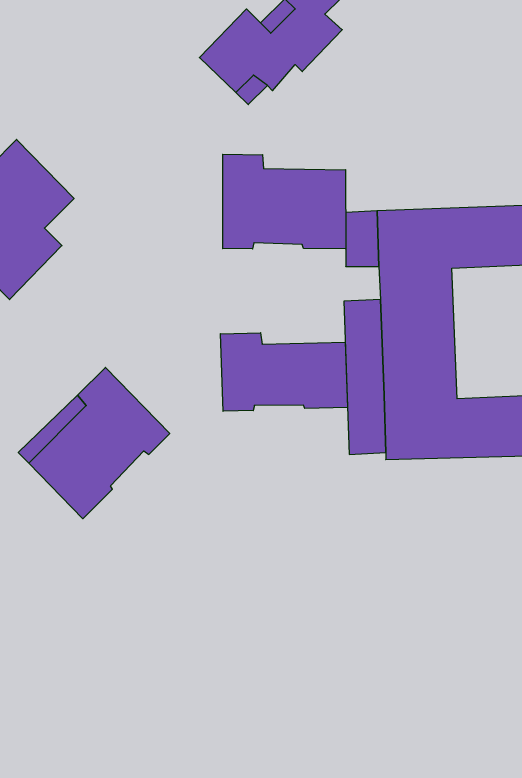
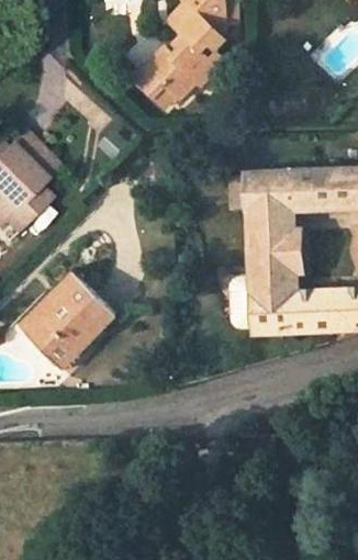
building: [223,154,346,249] -> none
building: [220,333,348,411] -> none

